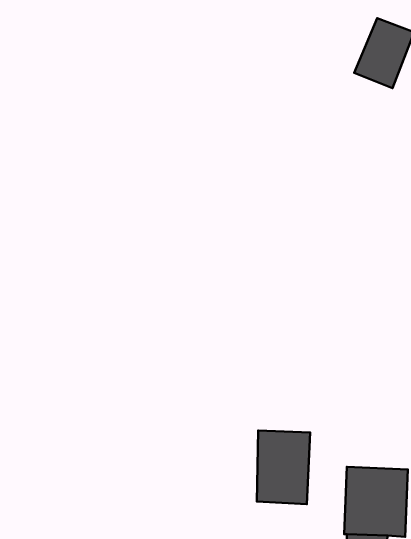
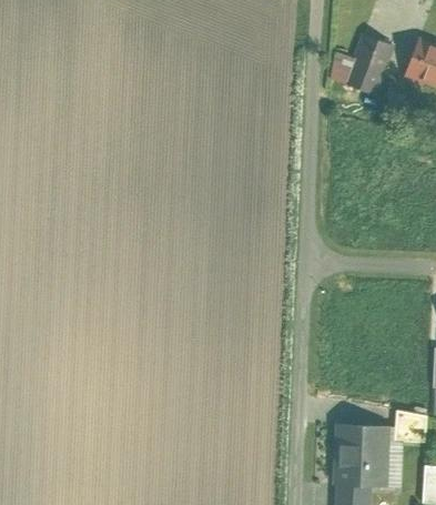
building: [257,430,310,504] -> none

